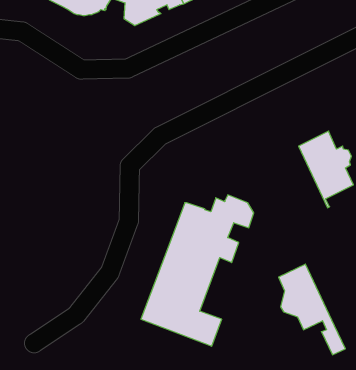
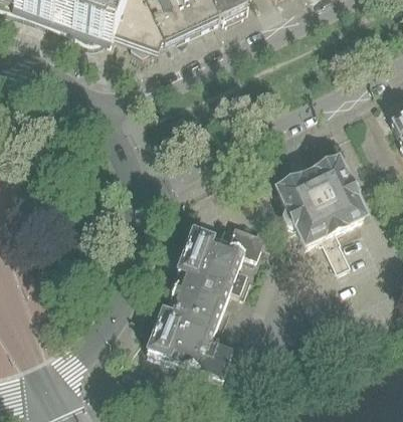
building: [279,264,345,355] -> [281,172,349,263]

